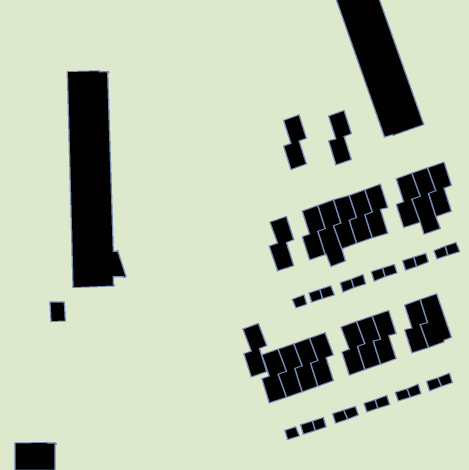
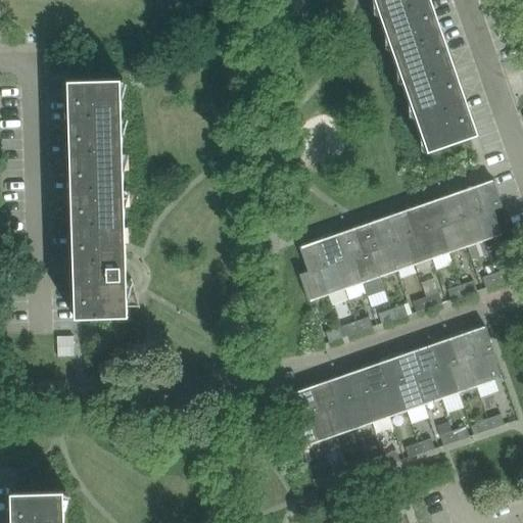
building: [328,111,351,165] -> [422,198,447,258]
building: [284,115,307,169] -> [318,234,343,294]
building: none -> [431,338,457,397]
building: [243,324,267,377] -> [361,363,387,422]

